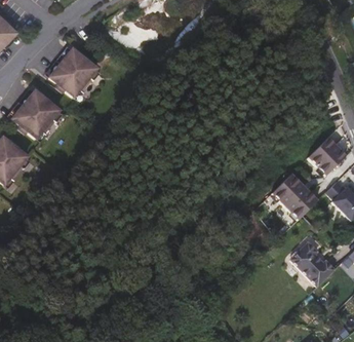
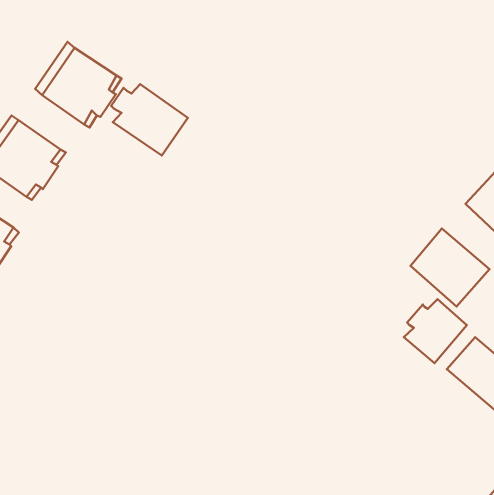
building: none -> [111,84,188,156]
building: none -> [404,299,467,363]

